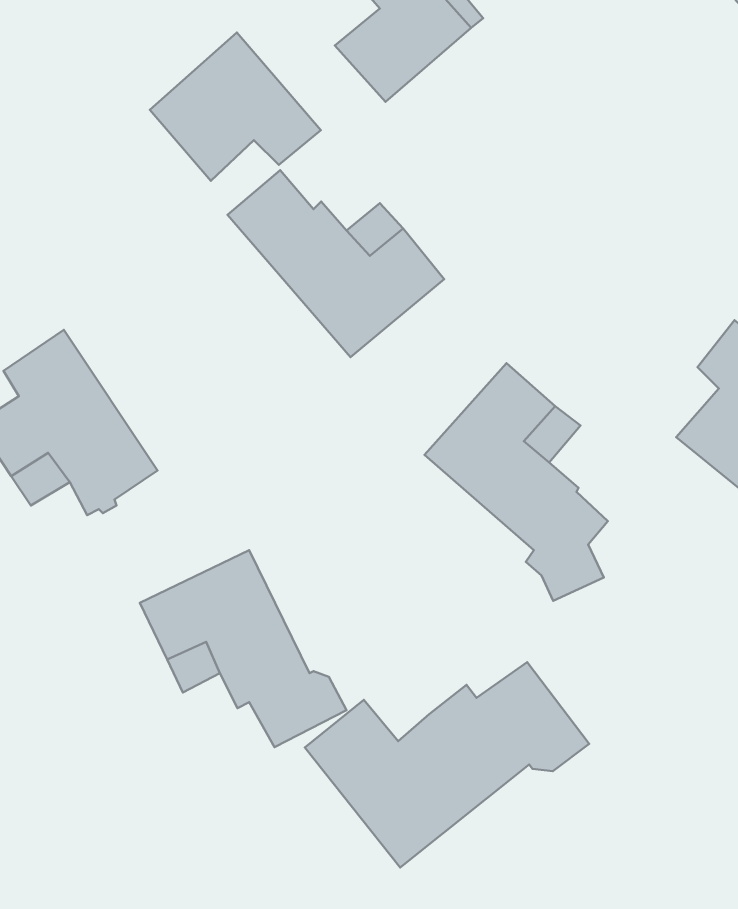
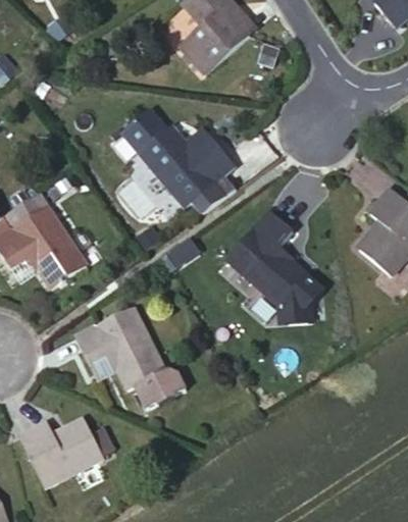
building: [150,33,321,181] -> none
building: [305,662,589,867] -> none
building: none -> [19,421,104,487]

